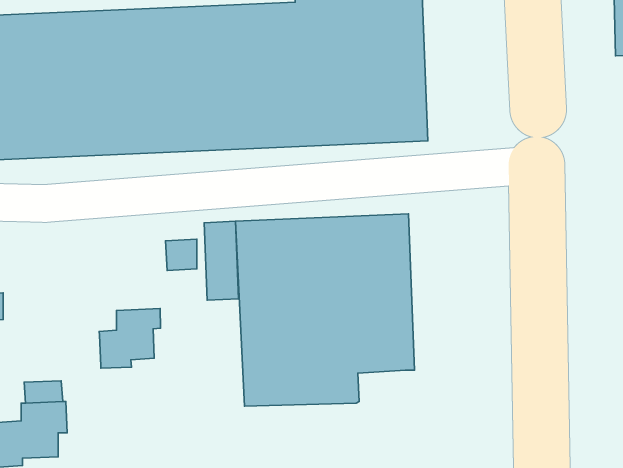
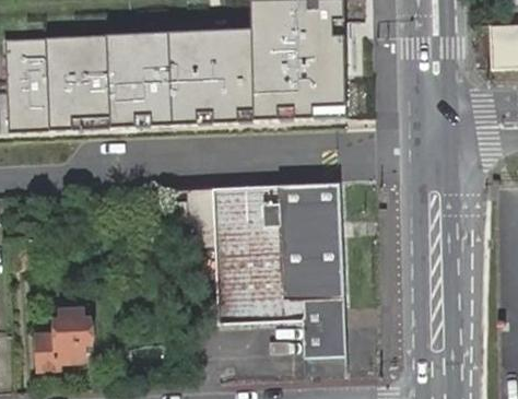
building: [99,309,160,368] -> none
building: none -> [299,295,343,354]

